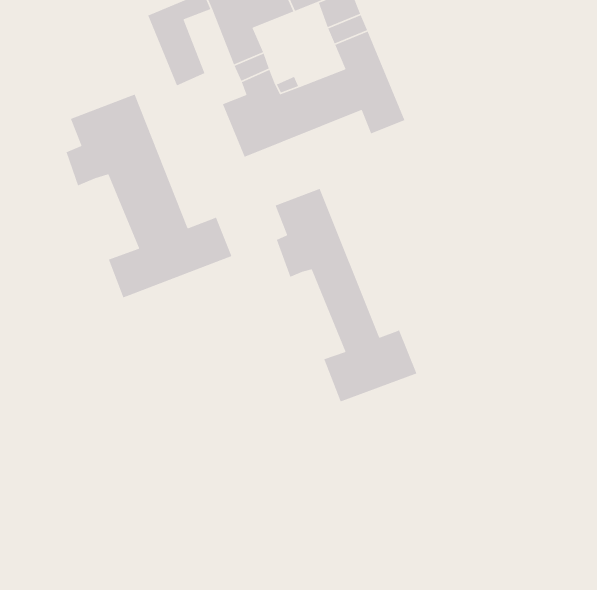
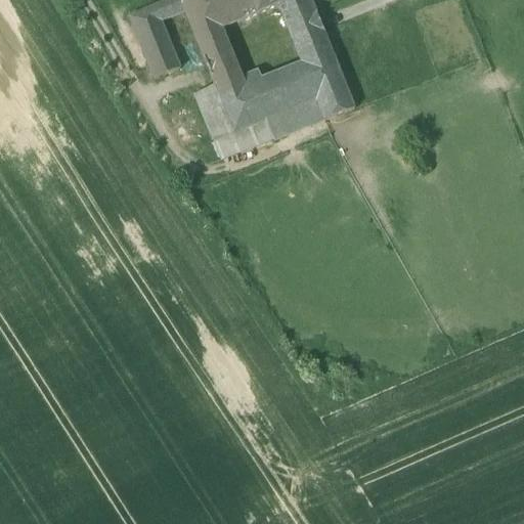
building: [65,93,232,298] -> none
building: none -> [214,97,323,157]
building: [274,188,417,402] -> none

